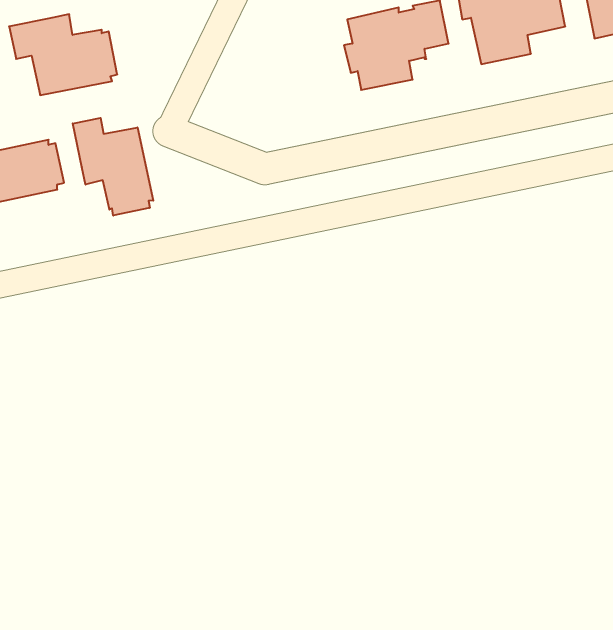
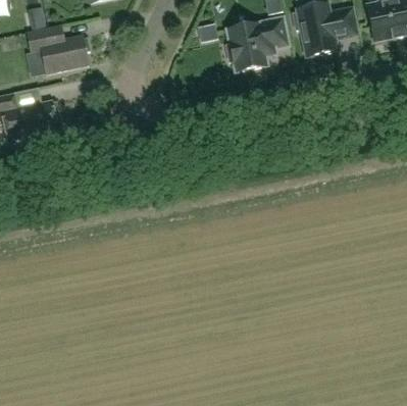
building: [73,118,153,216] -> none

